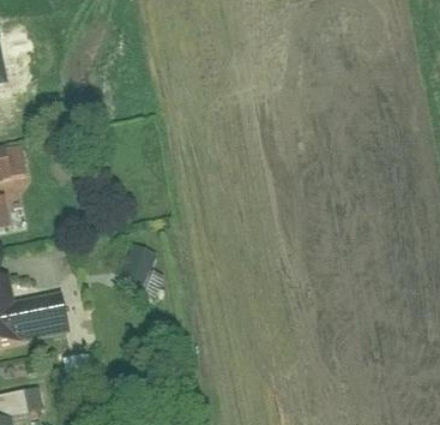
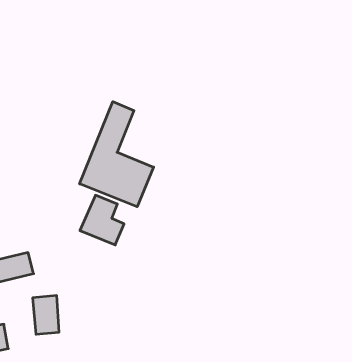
building: none -> [80,102,154,207]

